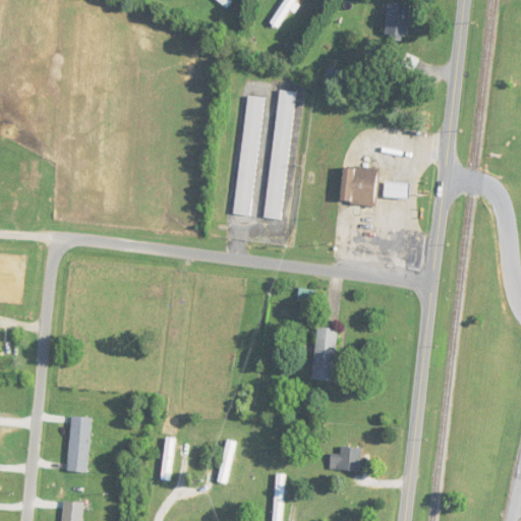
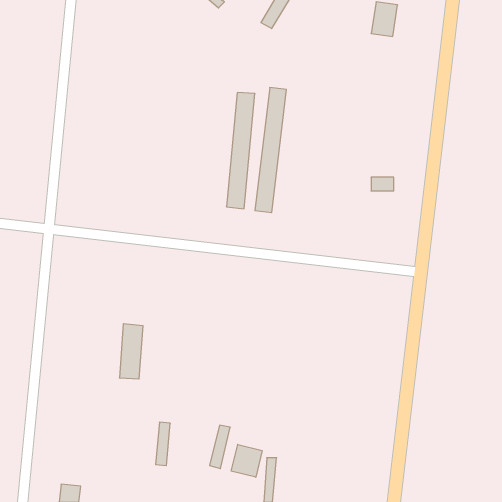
building: [340,166,380,206] -> none
building: [312,328,338,382] -> none
building: [67,415,92,472] -> [119,324,143,379]
building: [331,448,360,470] -> none
building: none -> [231,444,262,477]

